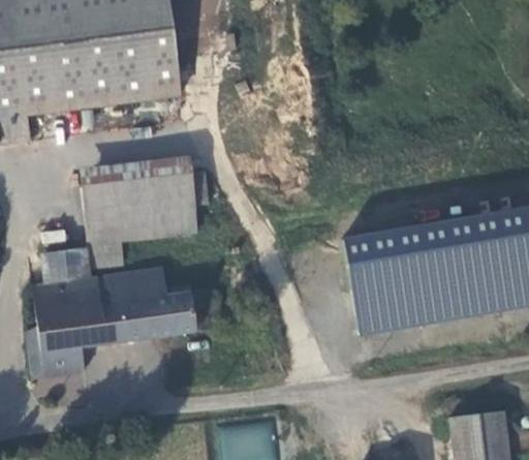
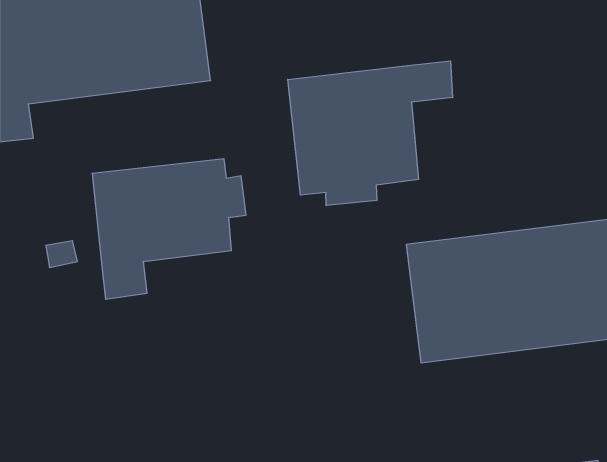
building: none -> [288,61,453,206]
building: [25,249,197,380] -> none

